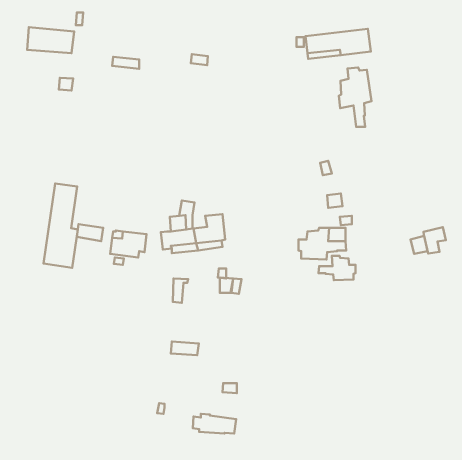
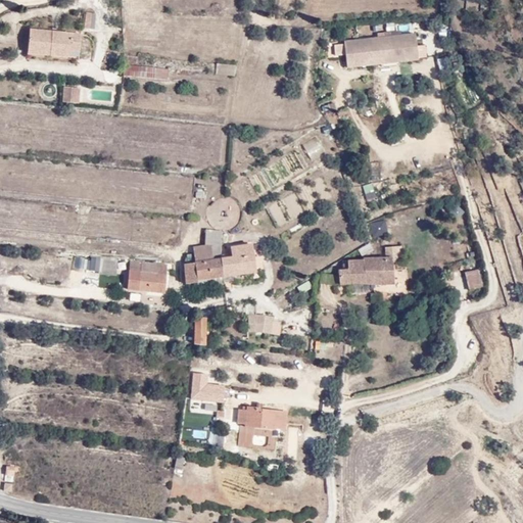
building: [339,67,371,127] -> none
building: [44,184,78,268] -> none
building: [423,227,446,254] -> none
building: [319,256,356,280] -> none
building: [193,414,236,434] -> [240,406,289,428]

